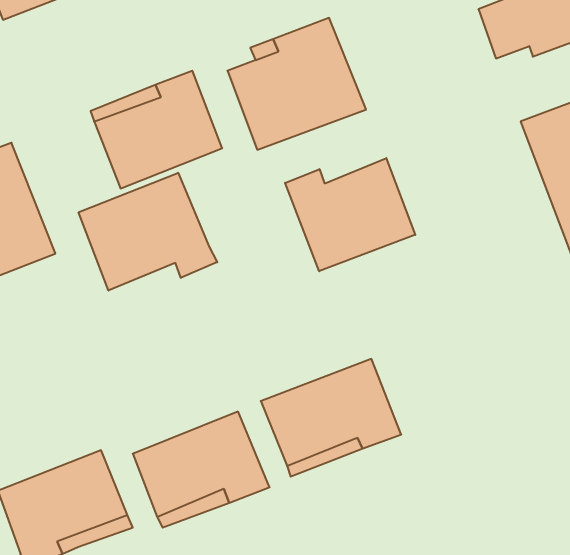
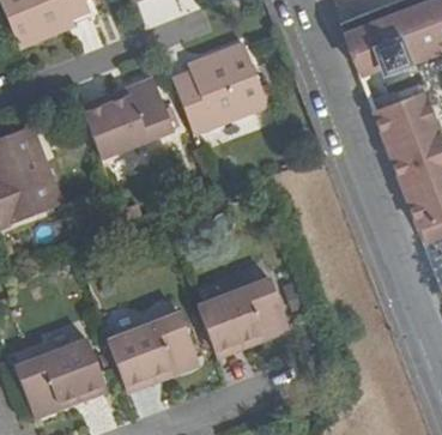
building: [285,158,415,271] -> none
building: [79,173,217,291] -> none

